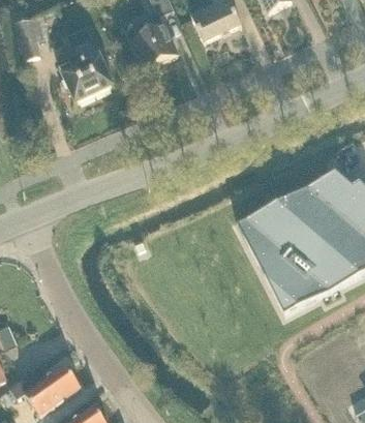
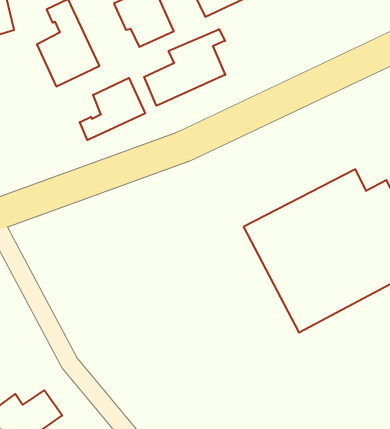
building: none -> [144,29,225,106]
building: none -> [80,78,145,140]

